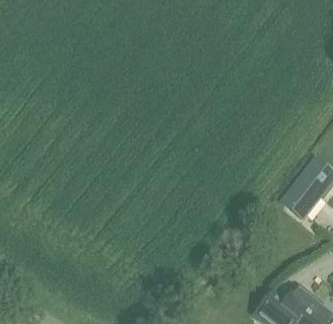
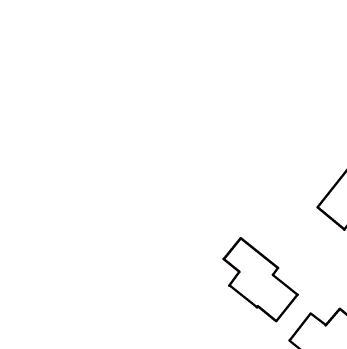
building: none -> [224,238,298,321]

